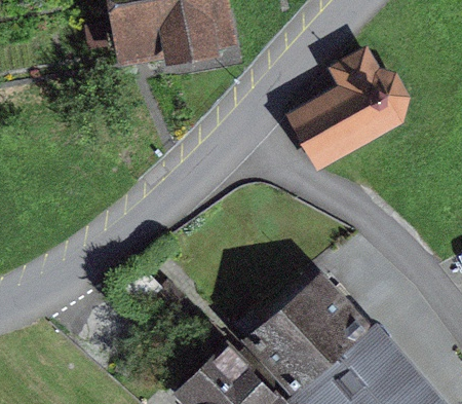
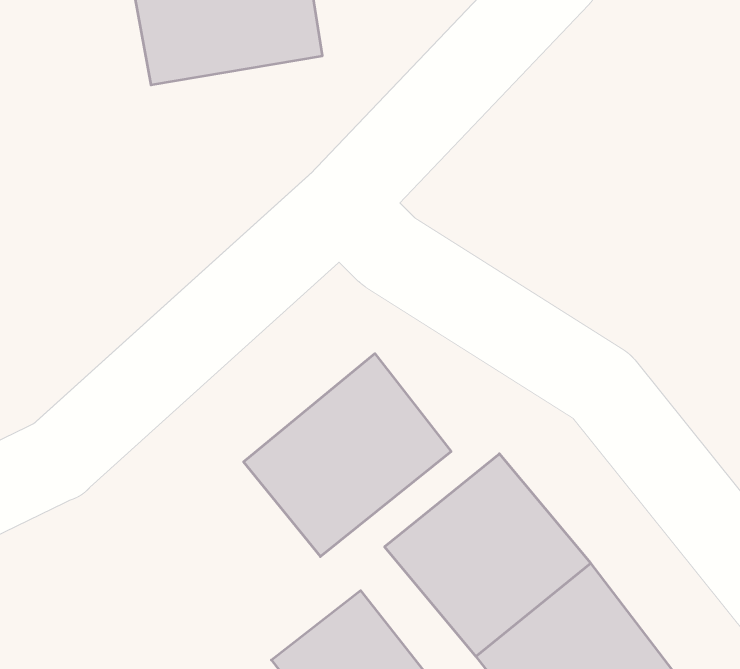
building: [282,59,408,171] -> none
building: none -> [244,354,451,557]

